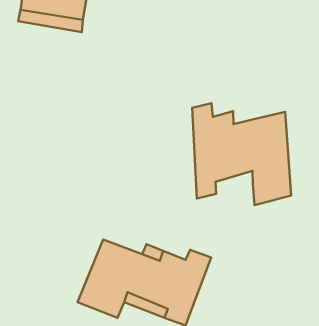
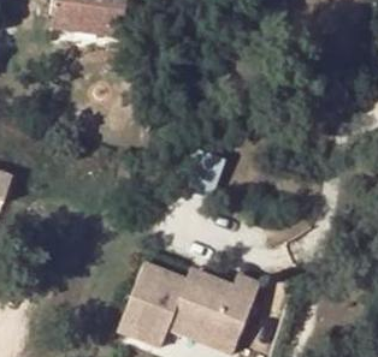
building: [192,103,291,205] -> none

